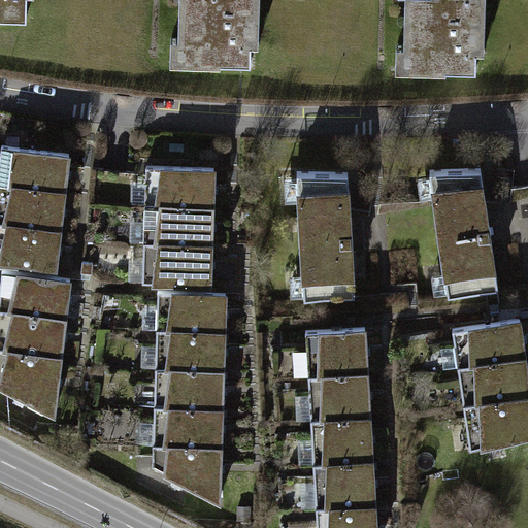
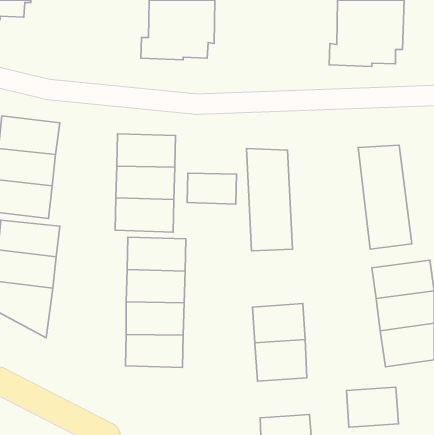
building: none -> [187,173,237,204]
building: [302,323,366,372] -> none
building: [151,443,221,502] -> none
building: [311,458,374,506] -> [346,387,398,427]

